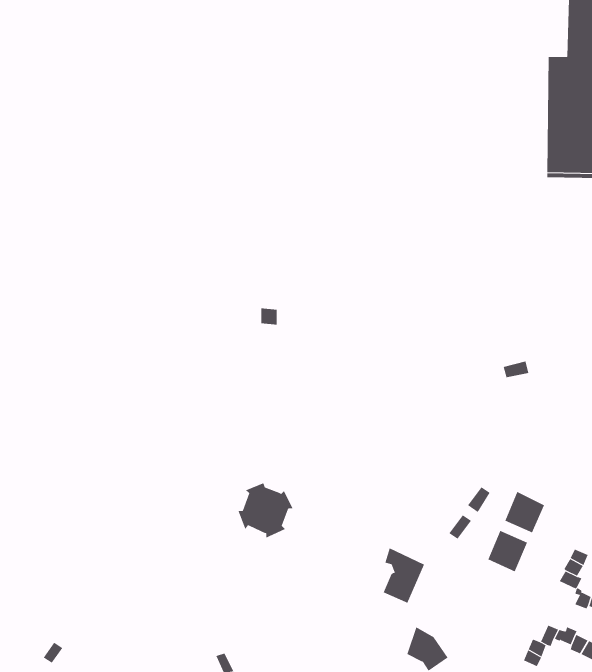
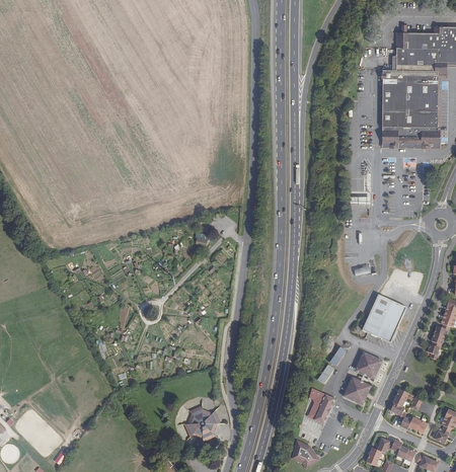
building: none -> [362,294,406,342]
building: [238,482,294,538] -> [184,405,221,442]
building: [383,547,425,603] -> [308,388,335,424]

